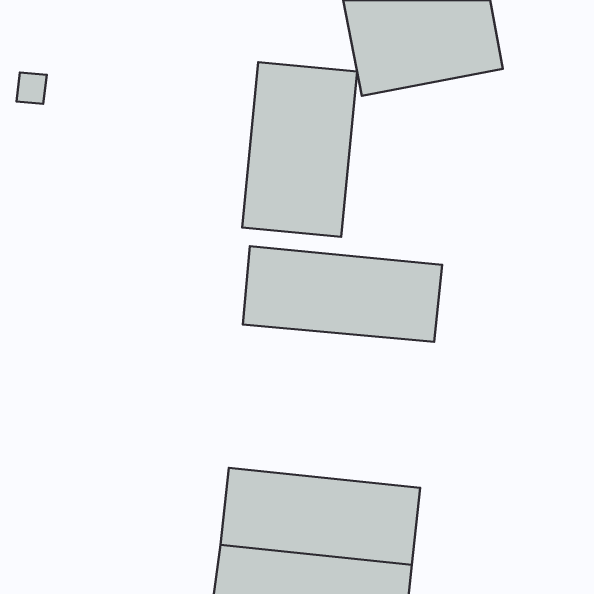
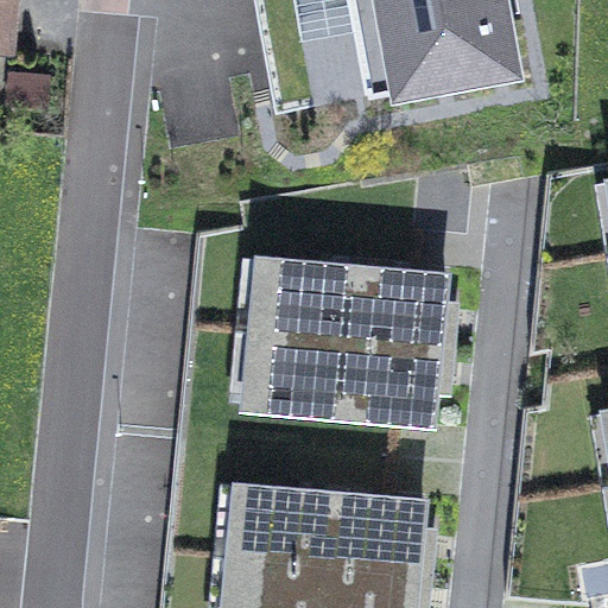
building: [242,62,357,237] -> none
building: none -> [239,332,442,430]

